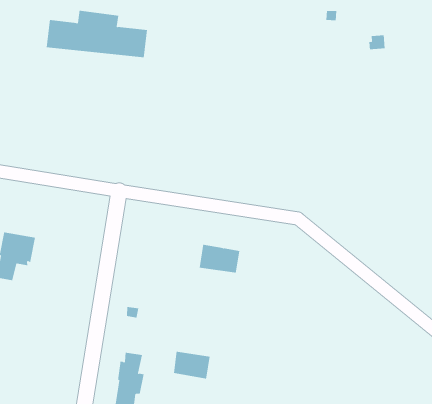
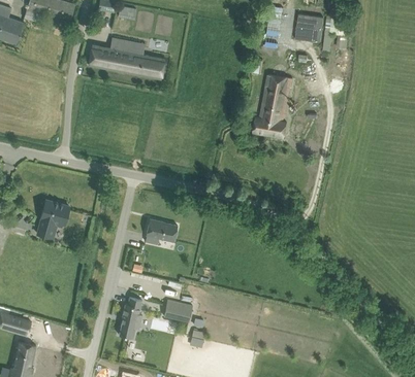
building: none -> [253,73,289,137]
building: [199,244,240,273] -> [146,217,178,241]

